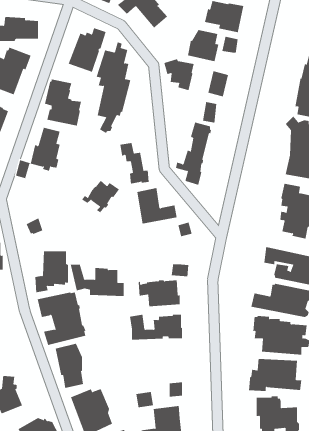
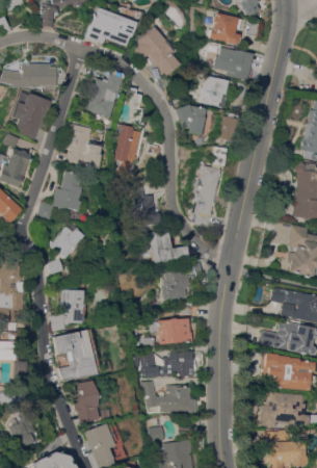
building: [81,180,120,213] -> [42,226,79,258]
building: none -> [163,265,190,300]
building: [70,264,125,296] -> [143,382,196,413]

